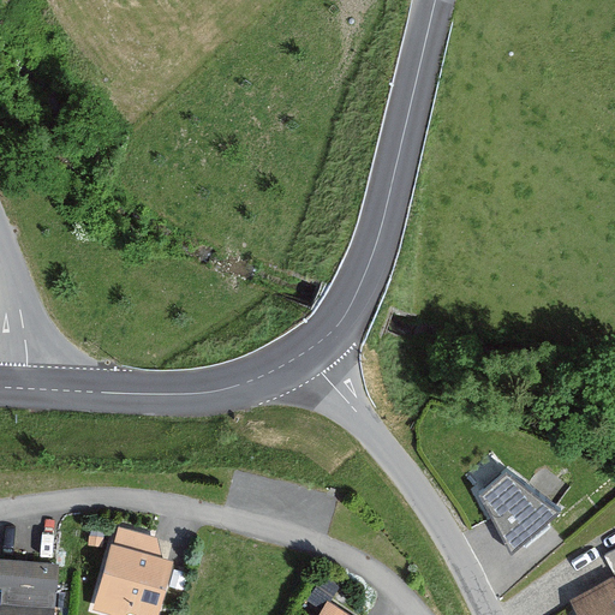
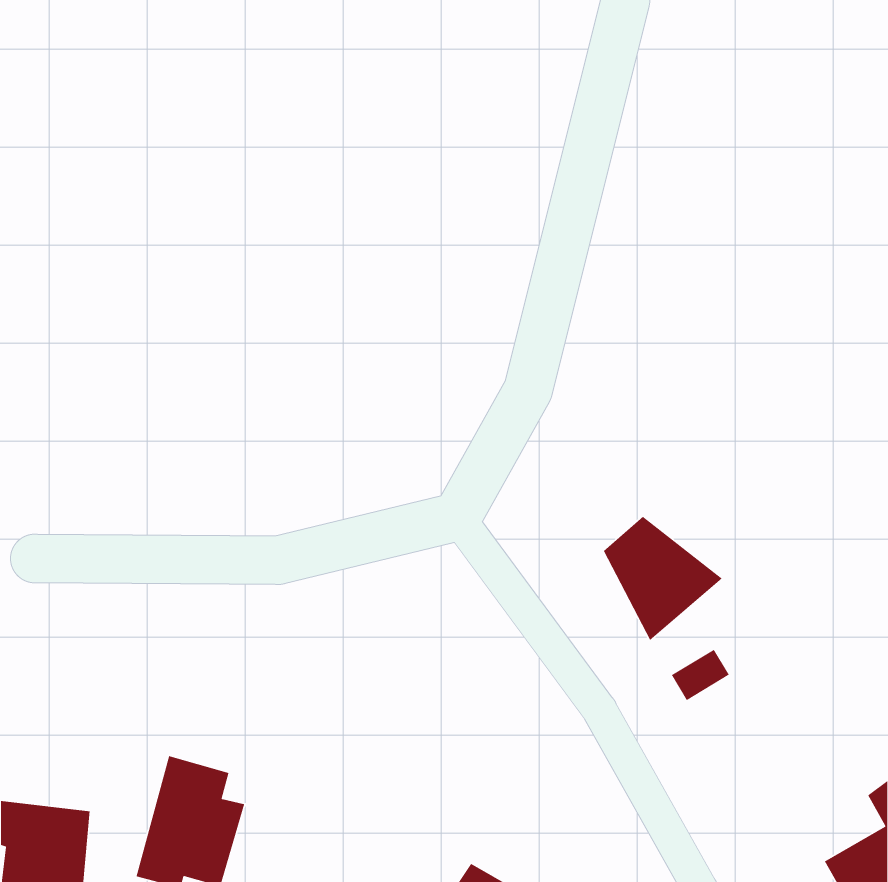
building: [477,477,560,563] -> [603,516,723,641]

